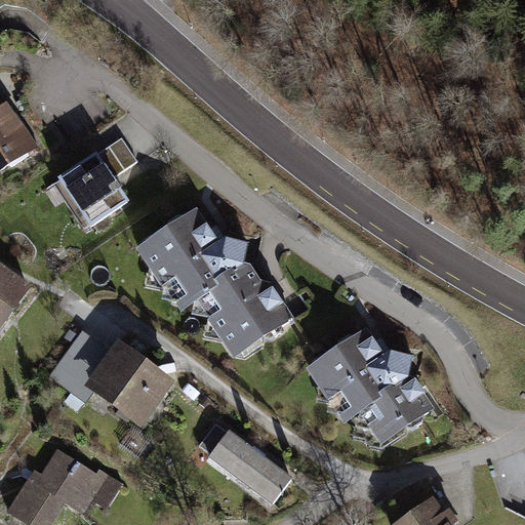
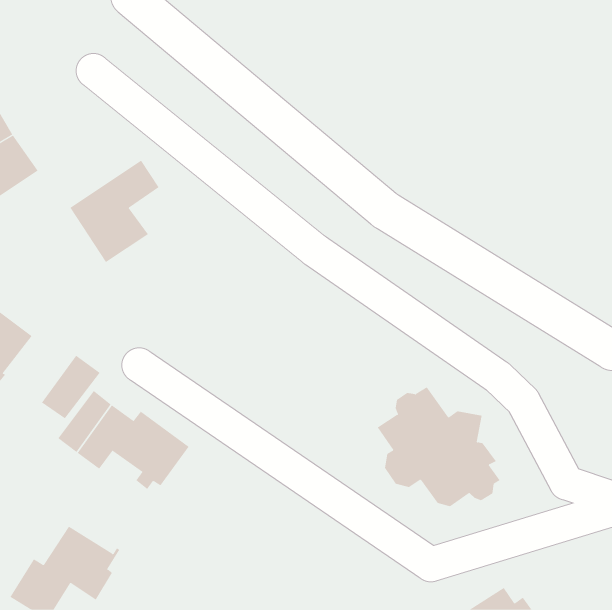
building: [153,210,292,342] -> none
building: none -> [41,355,100,419]
building: [198,422,291,502] -> none

